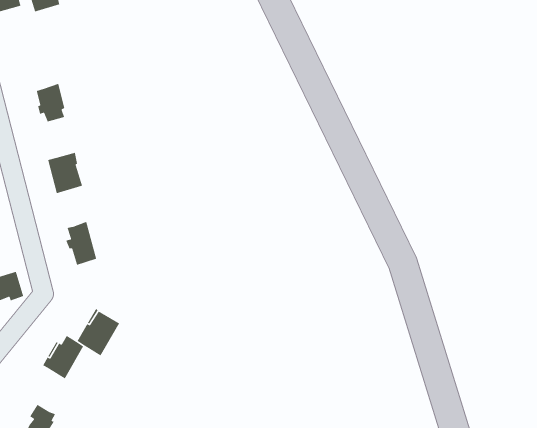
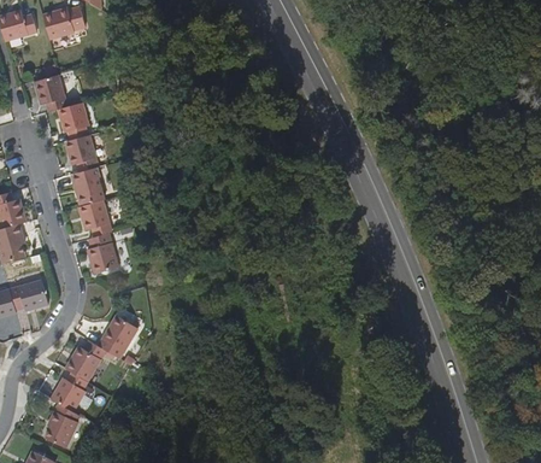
building: none -> [35,74,67,112]
building: none -> [69,134,98,171]
building: none -> [78,199,112,236]
building: none -> [52,371,88,411]

